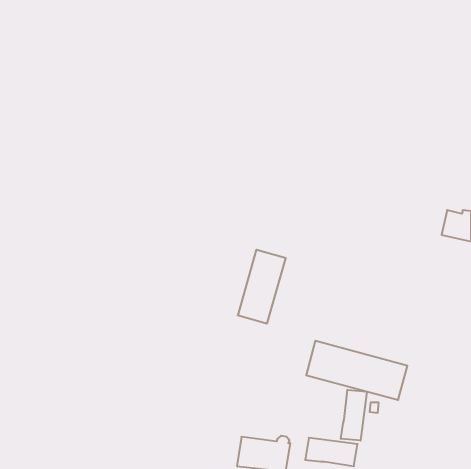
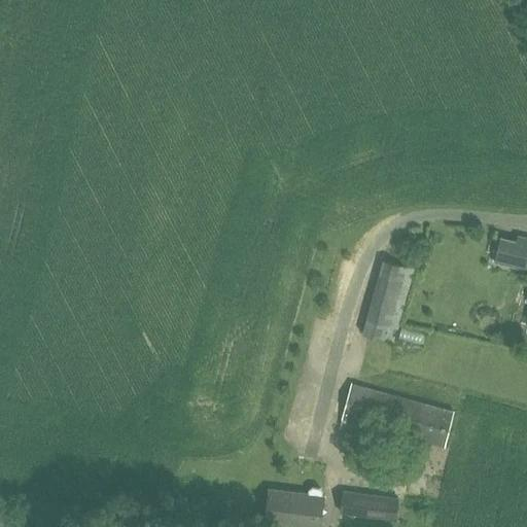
building: [238,250,286,323] -> [362,261,416,344]
building: [341,390,367,441] -> none

